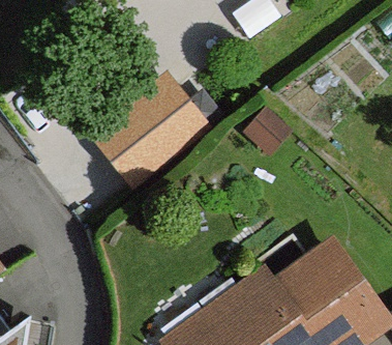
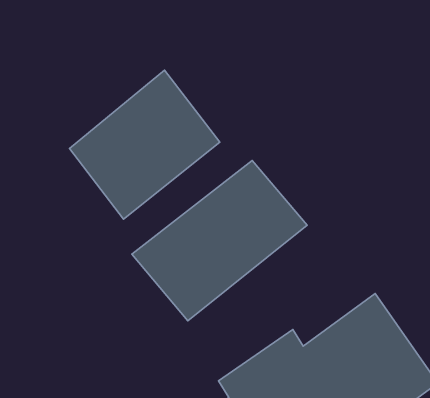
building: none -> [132,160,307,321]

